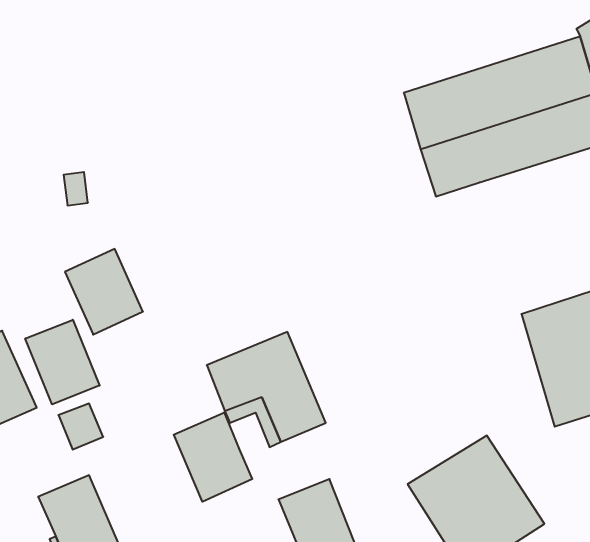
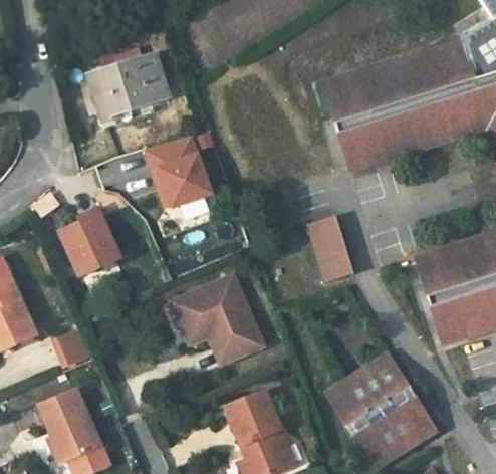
building: none -> [90,54,168,123]
building: none -> [146,138,212,213]
building: none -> [307,216,353,279]
building: [25,320,100,404] -> none
building: [174,413,252,502] -> none

